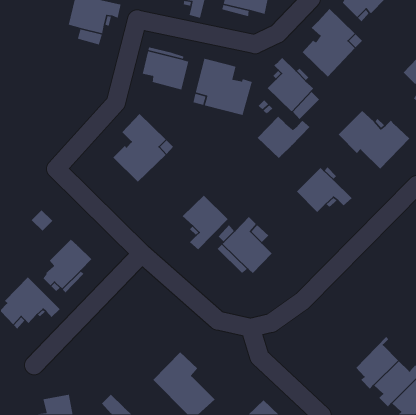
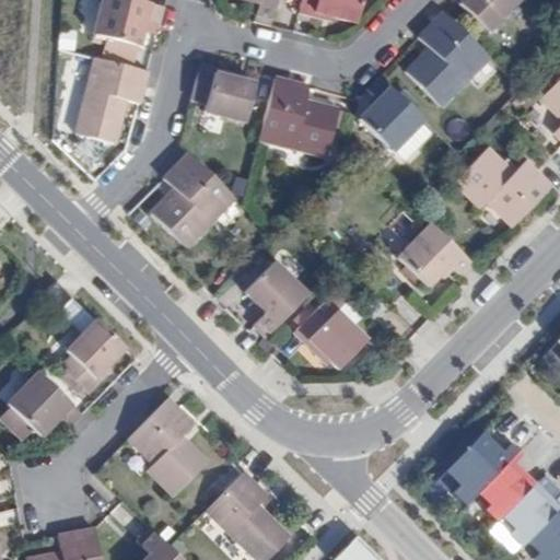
building: none -> [75,57,148,144]
building: [257,116,311,159] -> none
building: none -> [127,397,208,497]
building: none -> [444,432,520,506]

